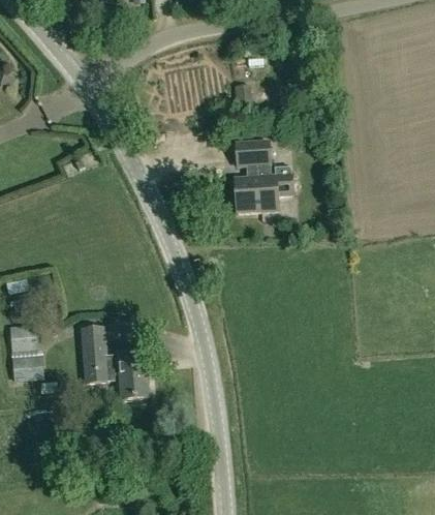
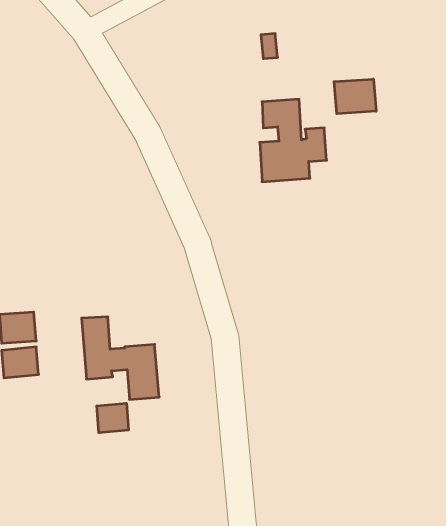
building: none -> [334,79,376,114]
building: none -> [97,403,128,433]

